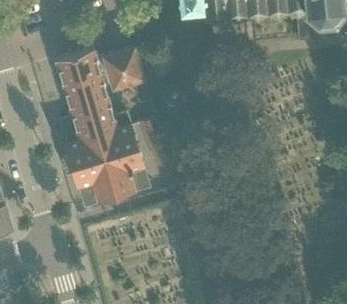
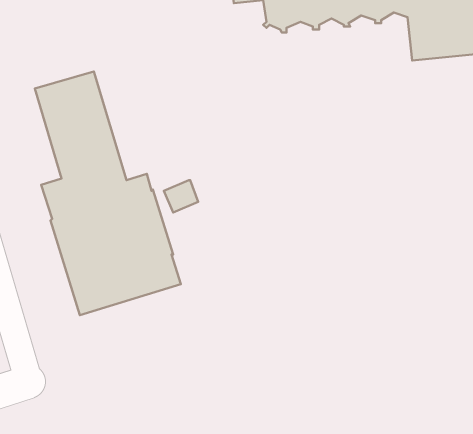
building: [104,50,151,107] -> none

